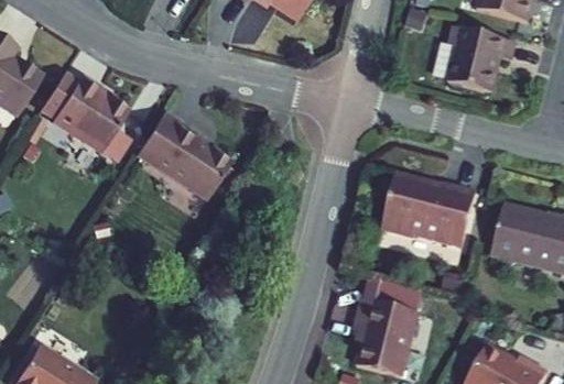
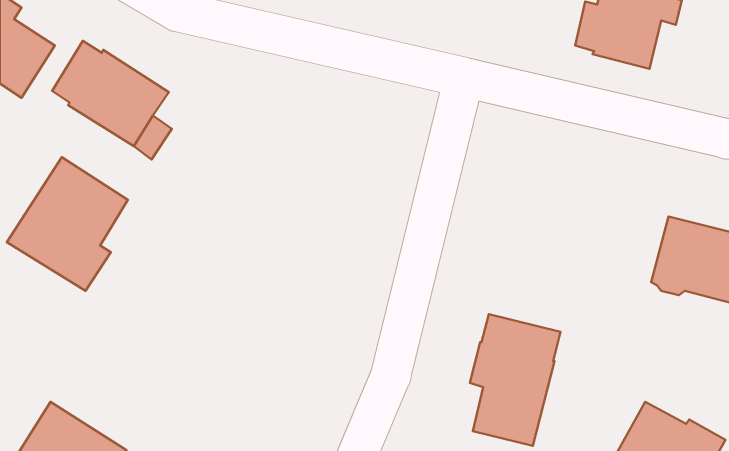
building: [135,111,231,199] -> none
building: none -> [7,157,128,291]
building: [382,173,476,246] -> none

